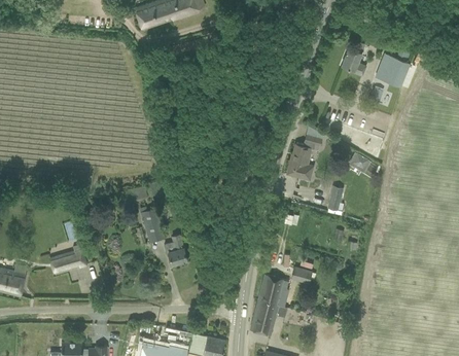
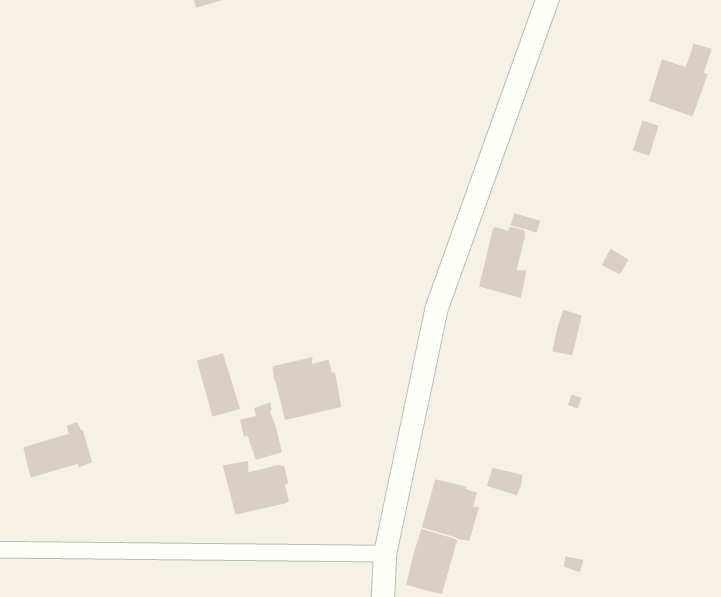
building: [342,41,365,75] -> none
building: none -> [272,356,342,421]
building: none -> [222,460,290,516]

